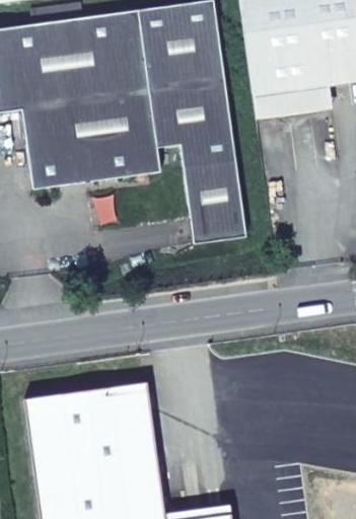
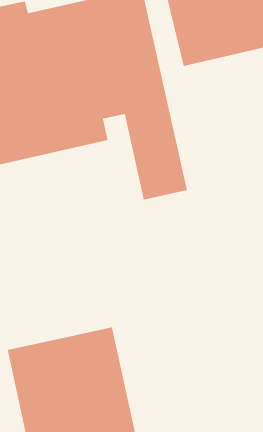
building: [253,84,331,116] -> none

